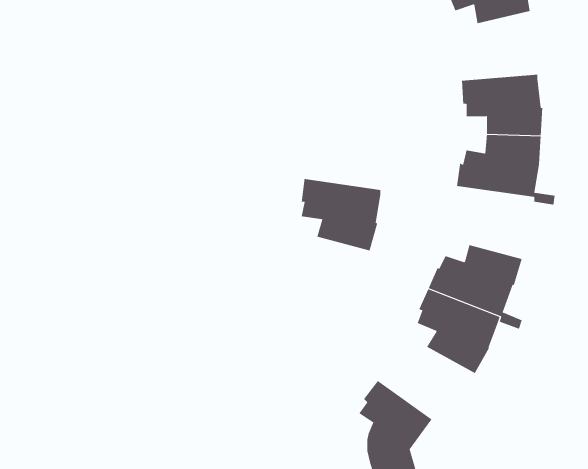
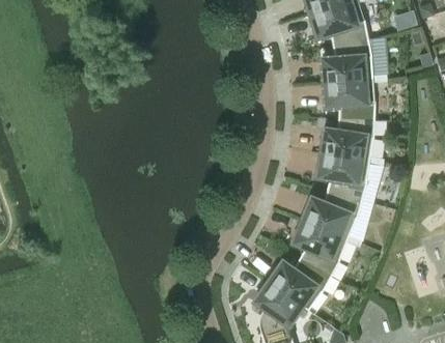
building: none -> [321,37,388,83]
building: [301,179,381,251] -> [317,152,370,200]
building: none -> [268,258,332,315]

